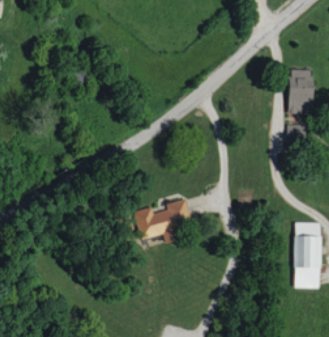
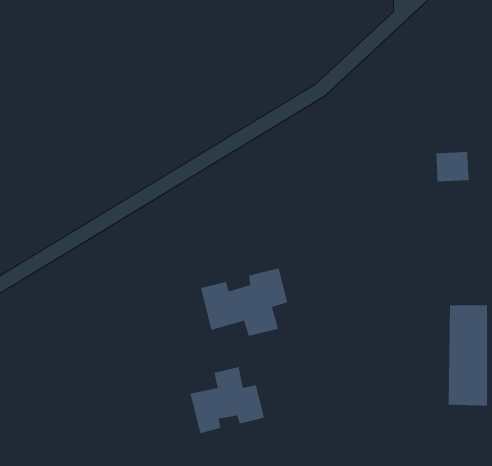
building: [288,70,314,114] -> none
building: none -> [190,366,265,434]

